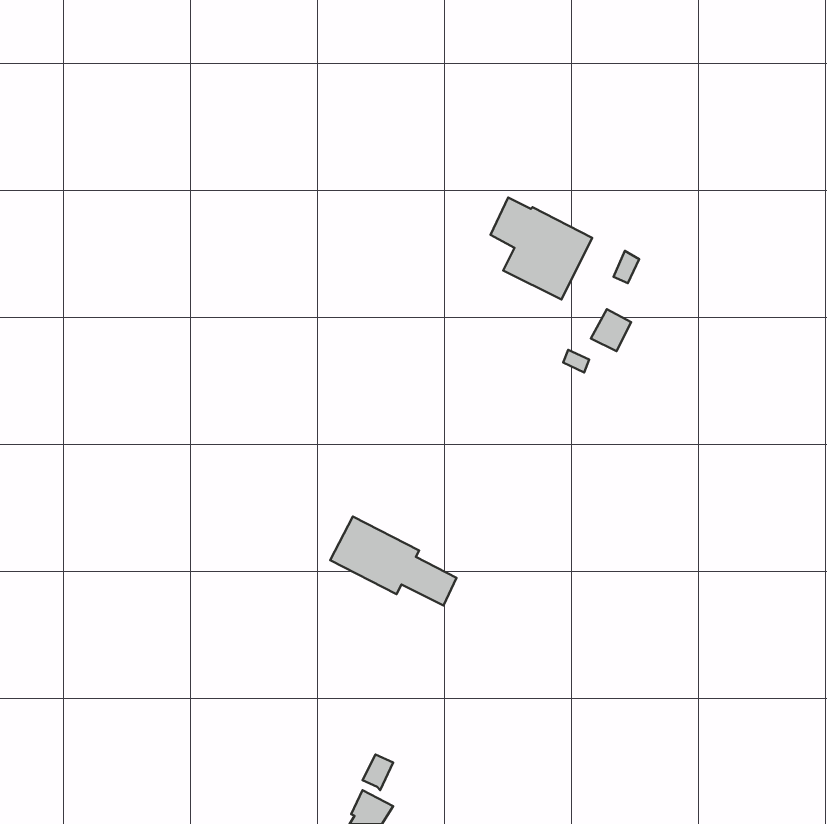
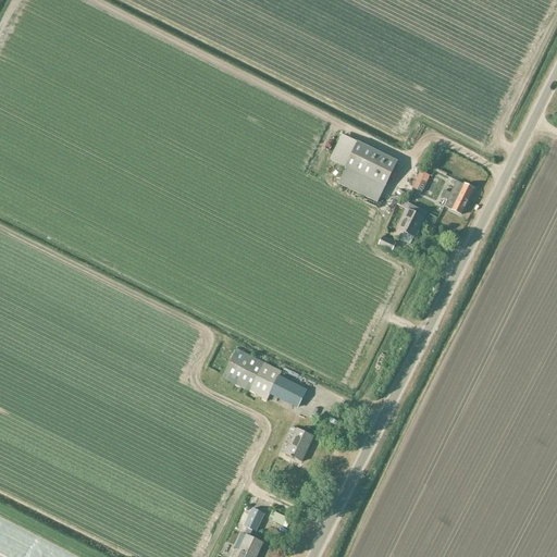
building: none -> [441,180,474,213]
building: none -> [285,425,314,460]

